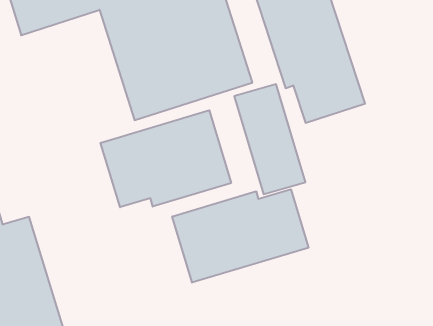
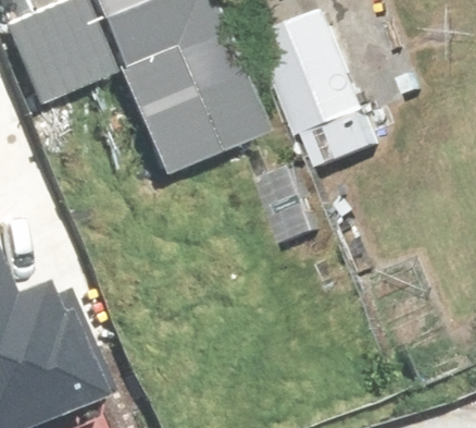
building: [101,110,231,207] -> none
building: [172,189,308,283] -> none

